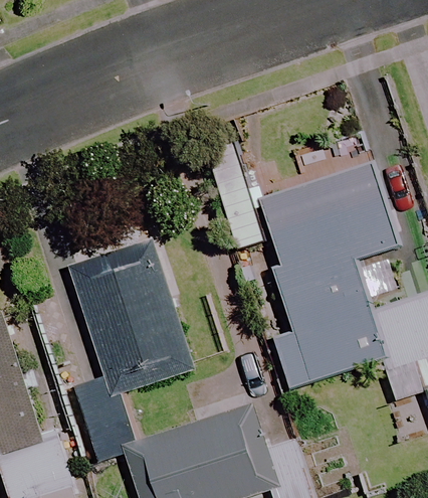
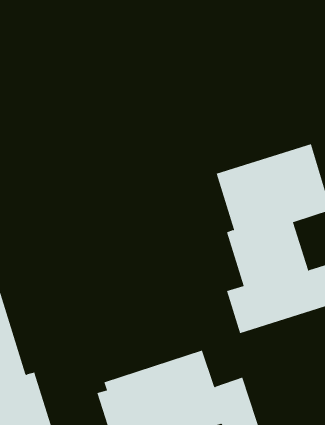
building: [73,261,193,461] -> none

